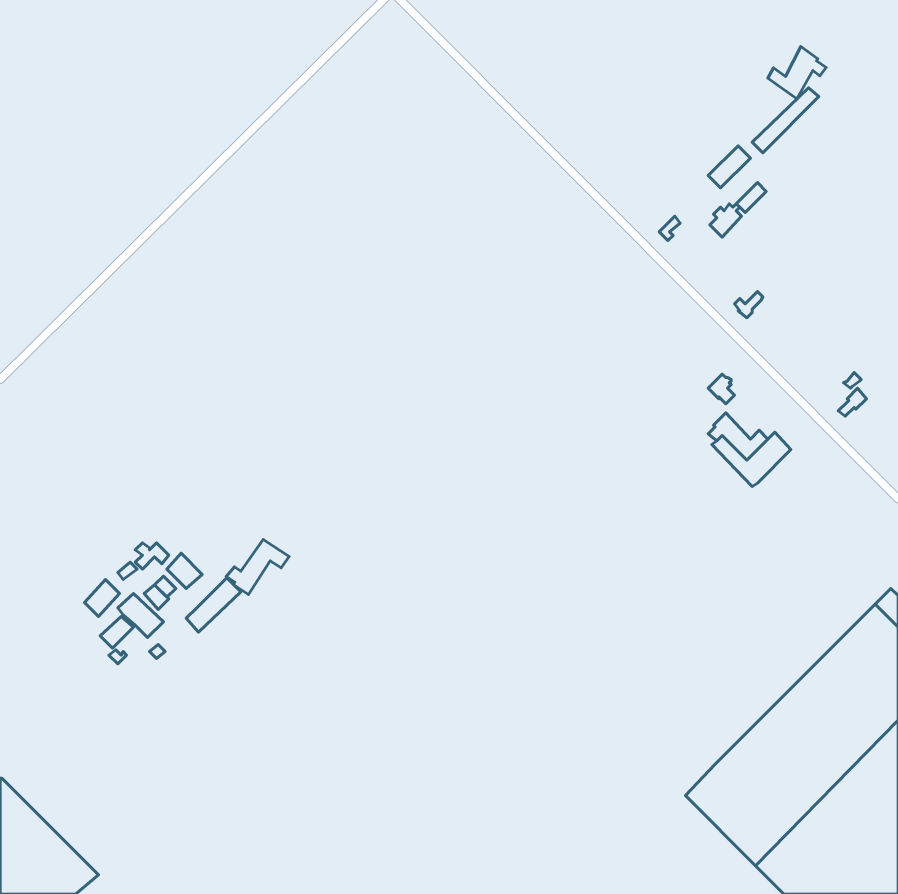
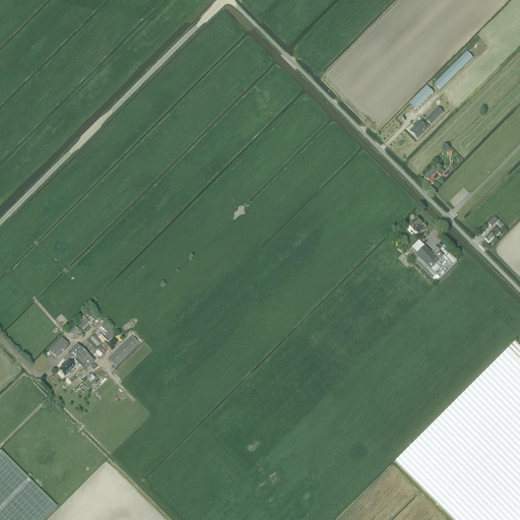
building: [768,47,826,99] -> none
building: [226,540,289,594] -> none

